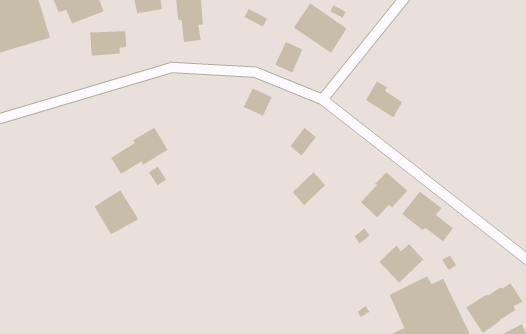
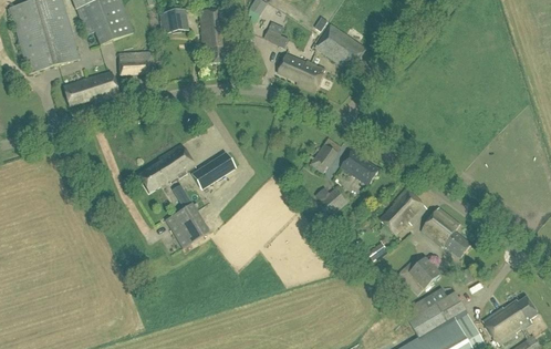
building: none -> [63,71,117,104]
building: [365,81,403,118] -> [342,147,378,184]
building: [243,88,273,116] -> [278,53,306,81]
building: none -> [190,153,233,189]
building: [94,189,139,235] -> [165,203,209,247]

